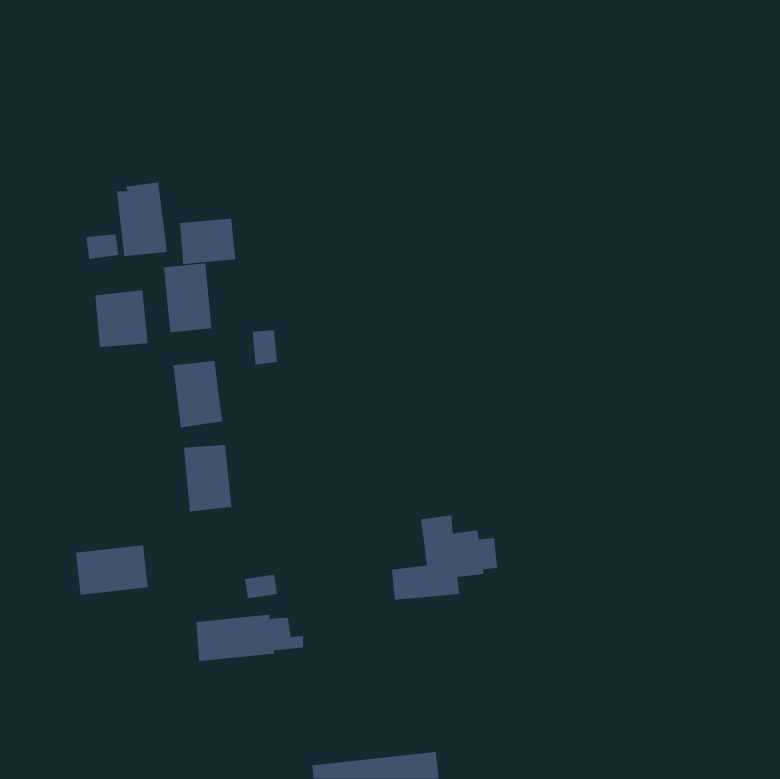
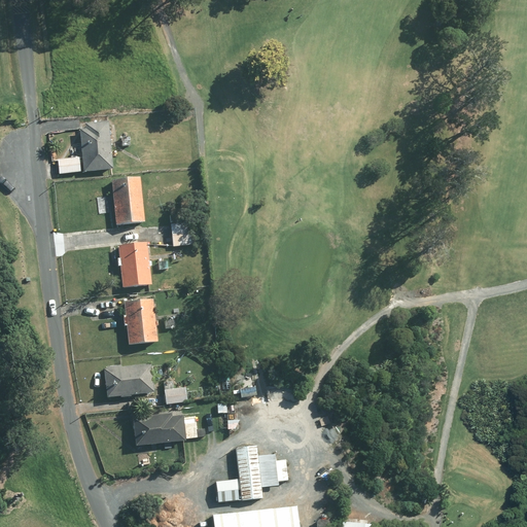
building: [180,218,236,265] -> none
building: [95,289,148,348] -> none
building: [391,515,498,600] -> [215,445,287,502]
building: [75,545,148,595] -> [104,363,153,397]

